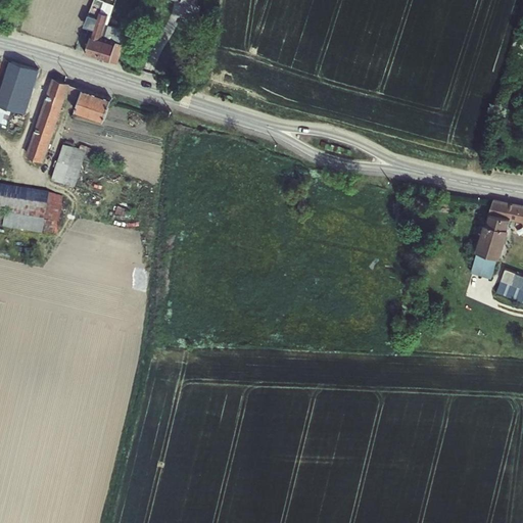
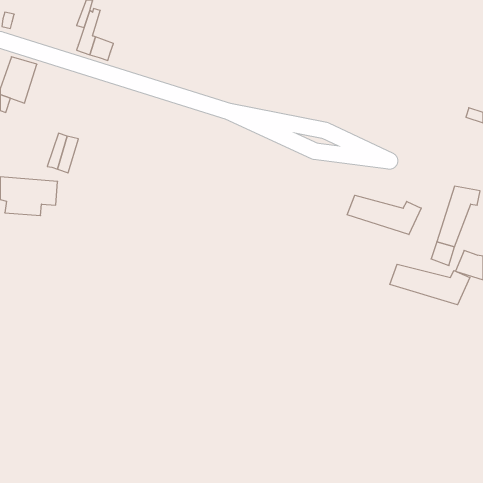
building: [27,80,69,161] -> none
building: [76,90,111,122] -> none
building: none -> [347,195,421,235]
building: none -> [390,264,470,305]

